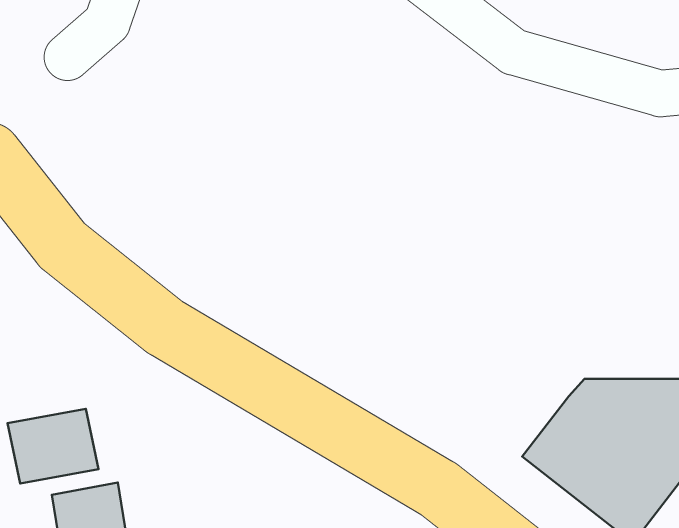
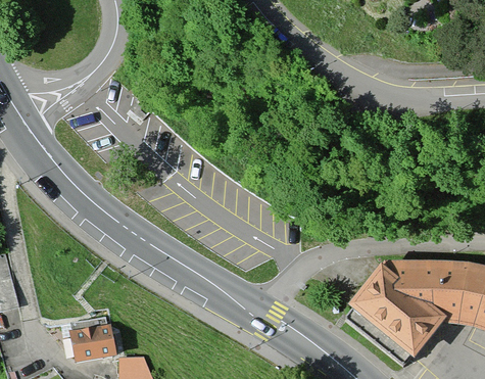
building: [8,409,98,484] -> none

